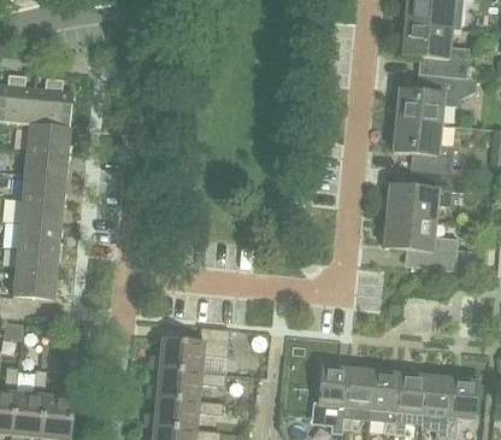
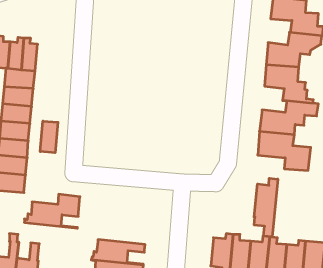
building: none -> [40,121,58,153]
building: none -> [254,178,278,237]
building: [151,327,229,375] -> [24,194,80,228]

